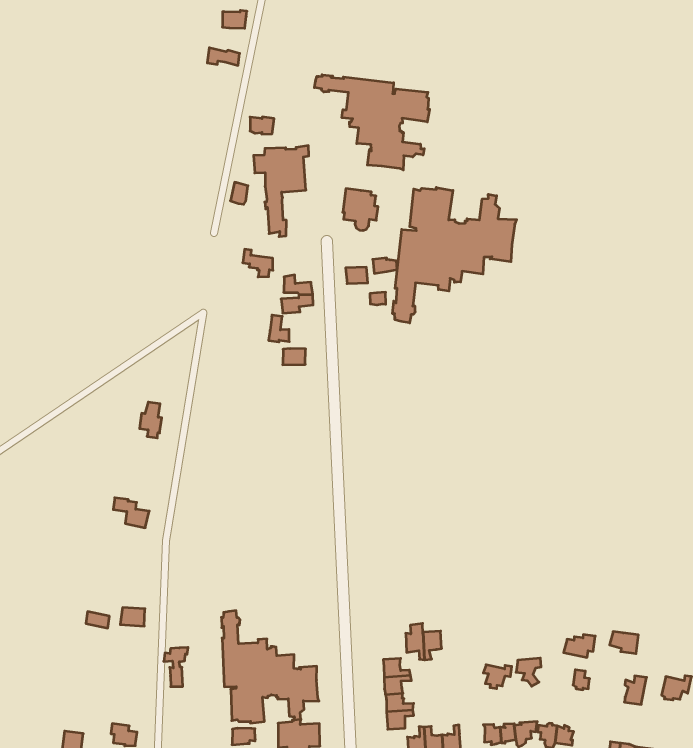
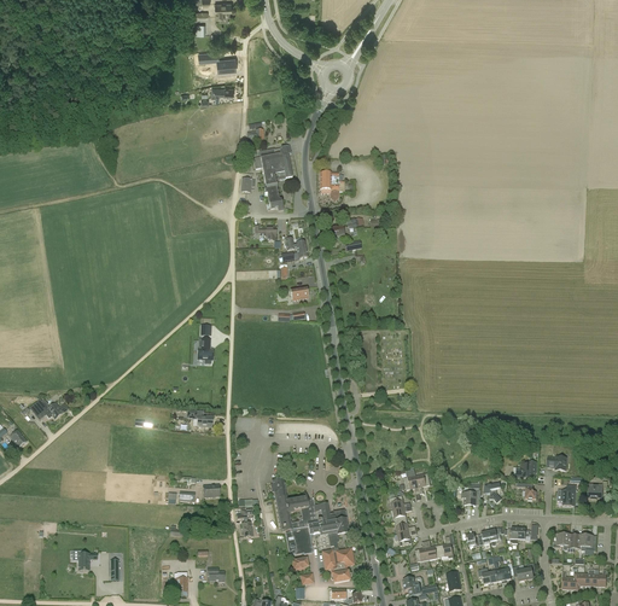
building: [314,75,430,170] -> none
building: [393,187,517,323] -> none

